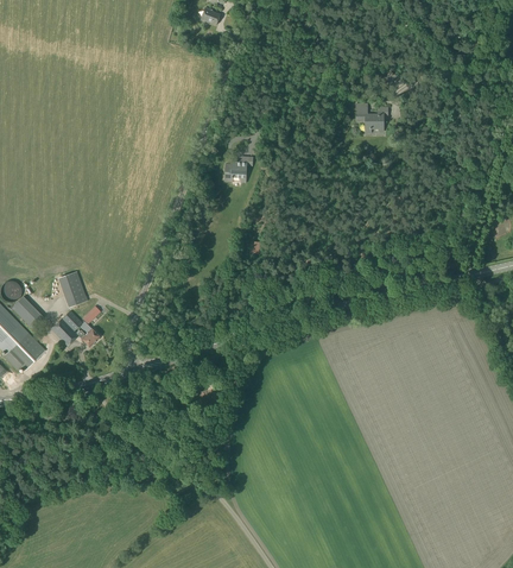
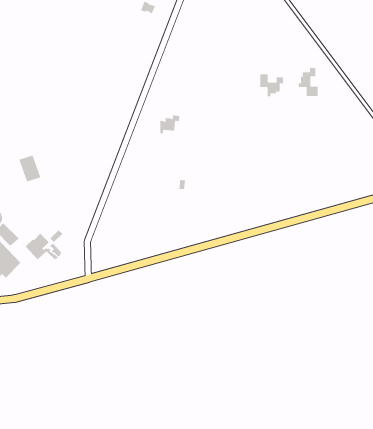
building: none -> [298,67,318,97]
building: [57,271,87,307] -> [18,155,41,182]

